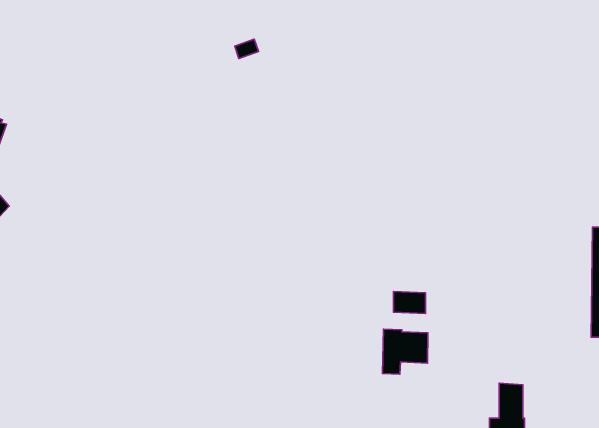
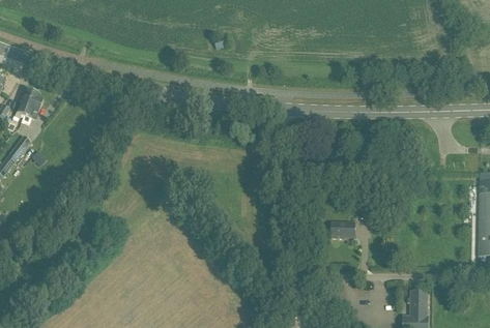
building: [383,329,428,374] -> none

